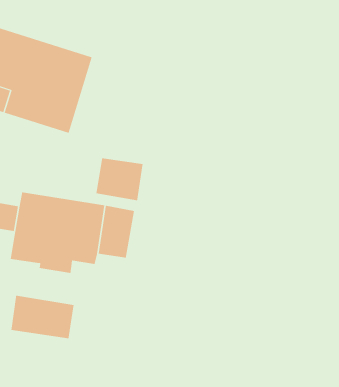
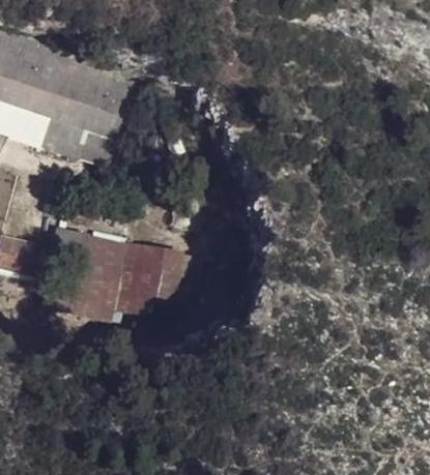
building: [96,158,143,201] -> none
building: [11,295,74,339] -> none

